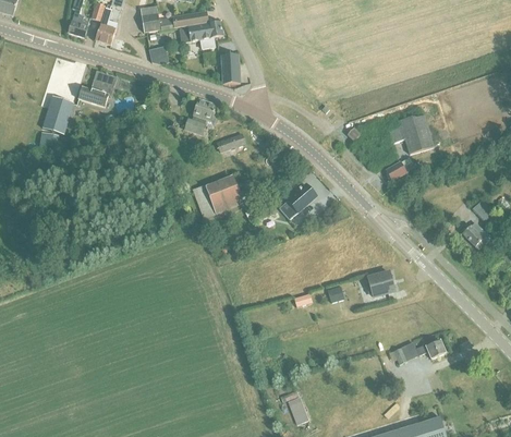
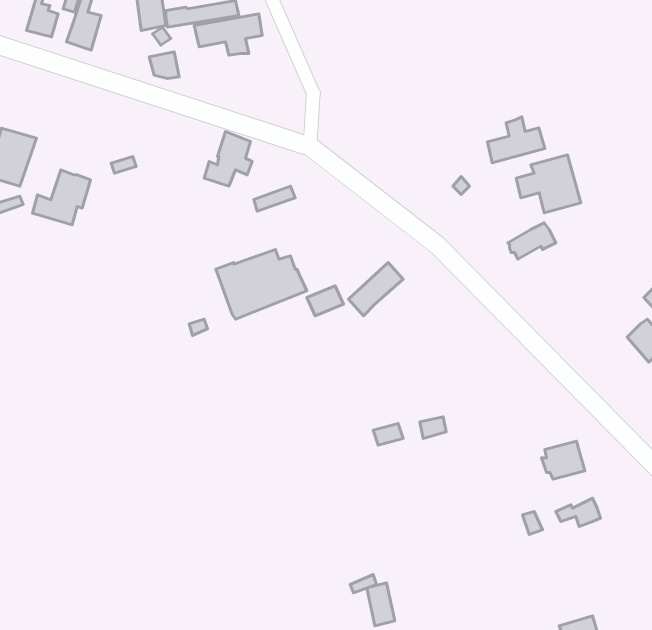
building: [220,54,240,83] -> none
building: [77,70,115,106] -> [33,170,91,225]
building: none -> [487,117,545,163]
building: [365,271,393,296] -> [542,441,585,479]

